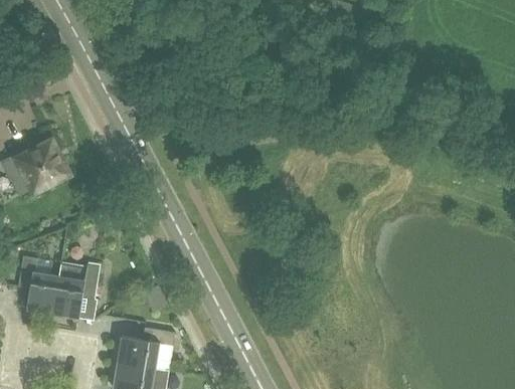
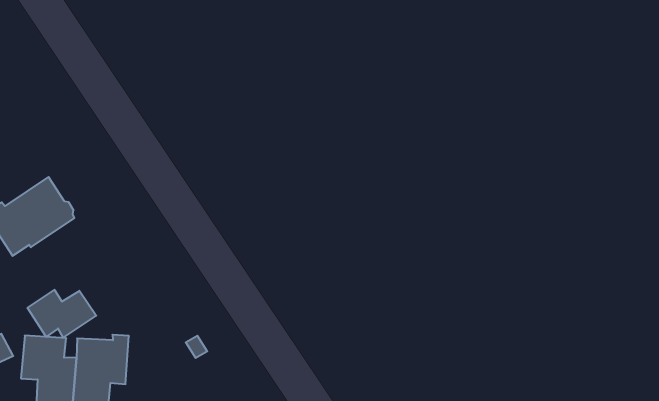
building: none -> [28,290,96,337]

